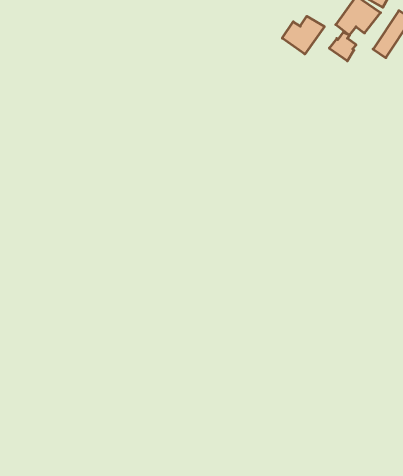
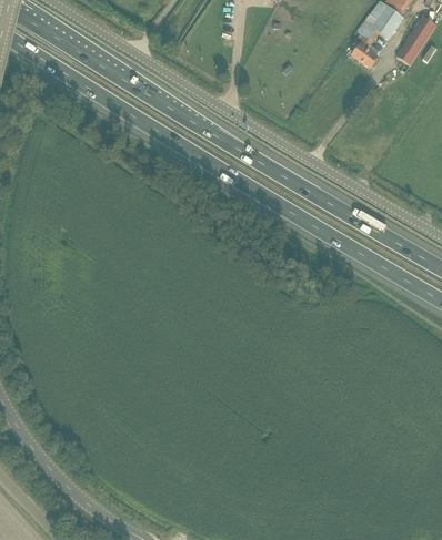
building: [282,16,324,54] -> none

